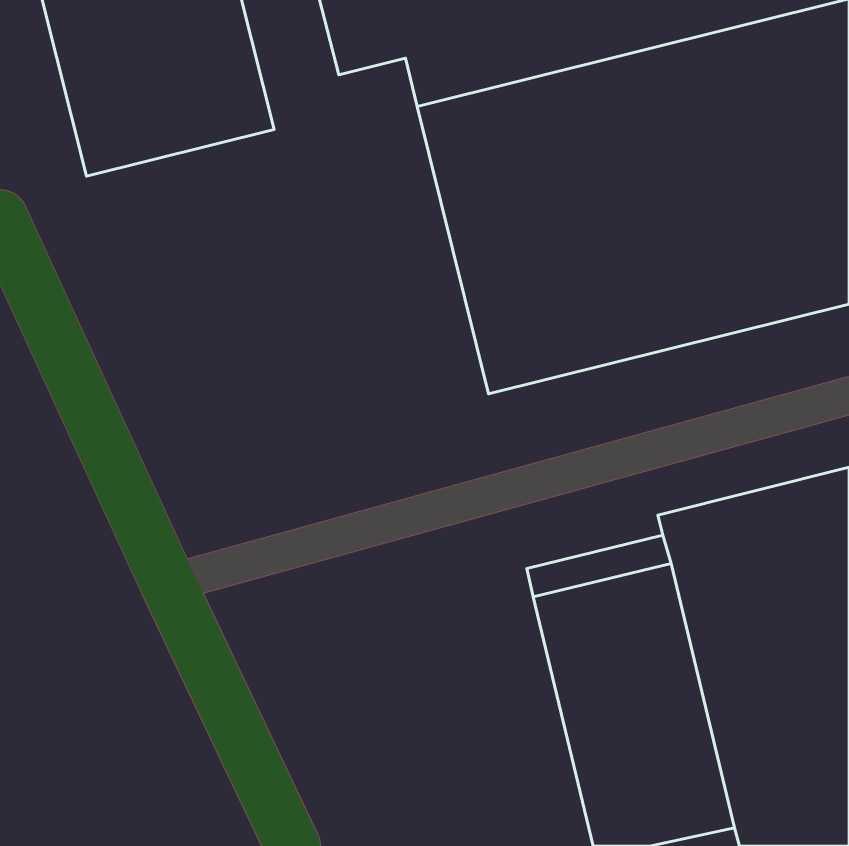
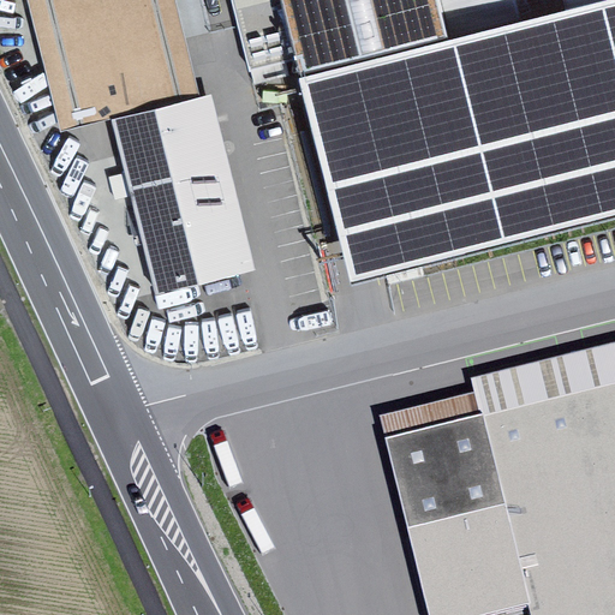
building: none -> [112,94,257,295]

